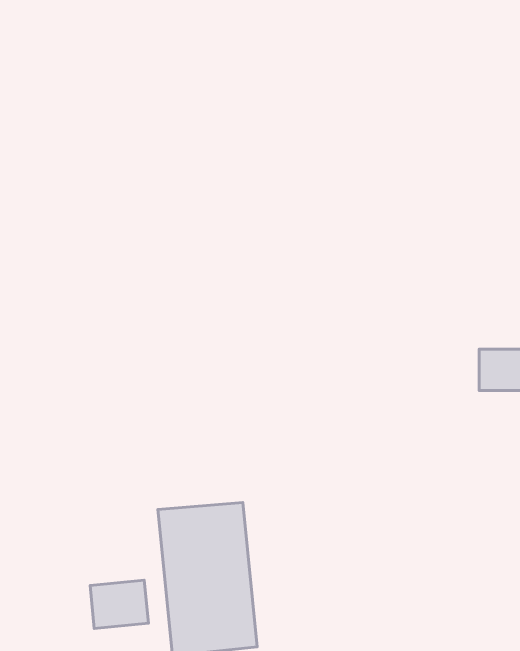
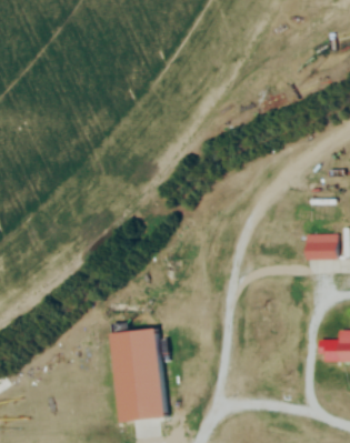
building: [90,580,149,629] -> none

